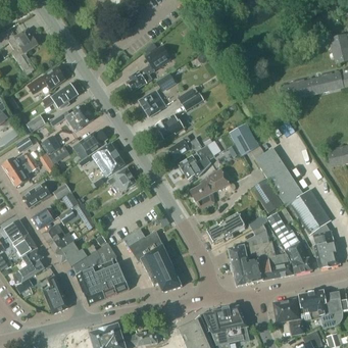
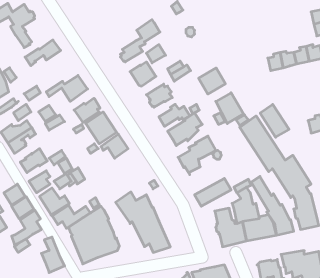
building: [42,84,78,107] -> none
building: none -> [199,68,225,94]
building: [252,178,283,212] -> [260,104,289,137]

